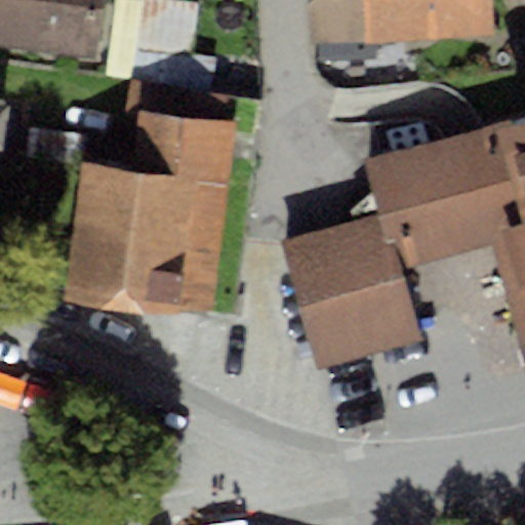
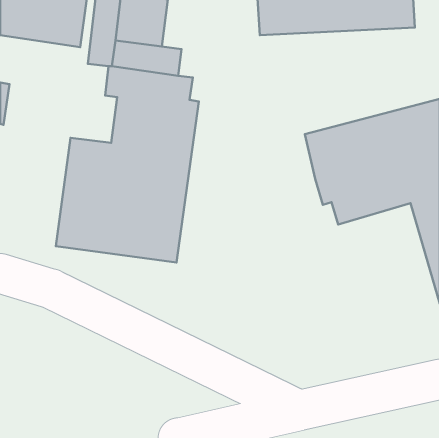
building: [280,213,425,370] -> none

